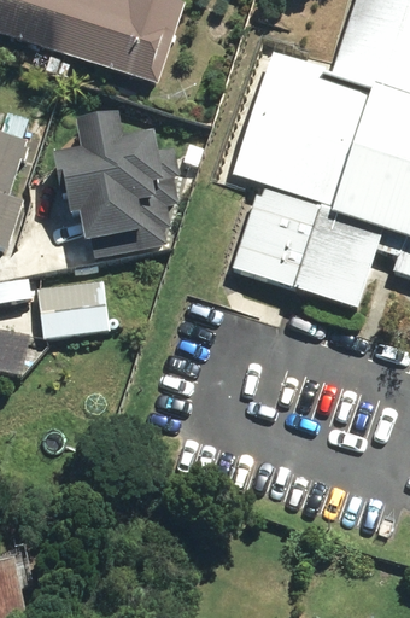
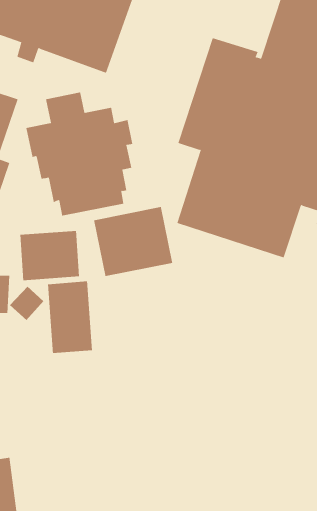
building: none -> [93,206,173,277]
building: none -> [47,281,93,354]

